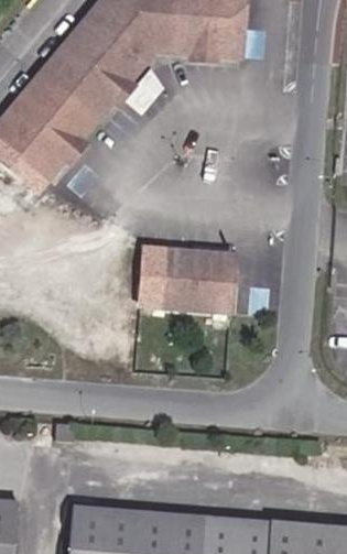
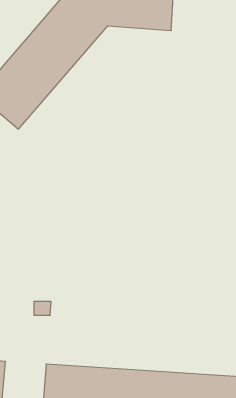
building: [141,247,236,309] -> none

